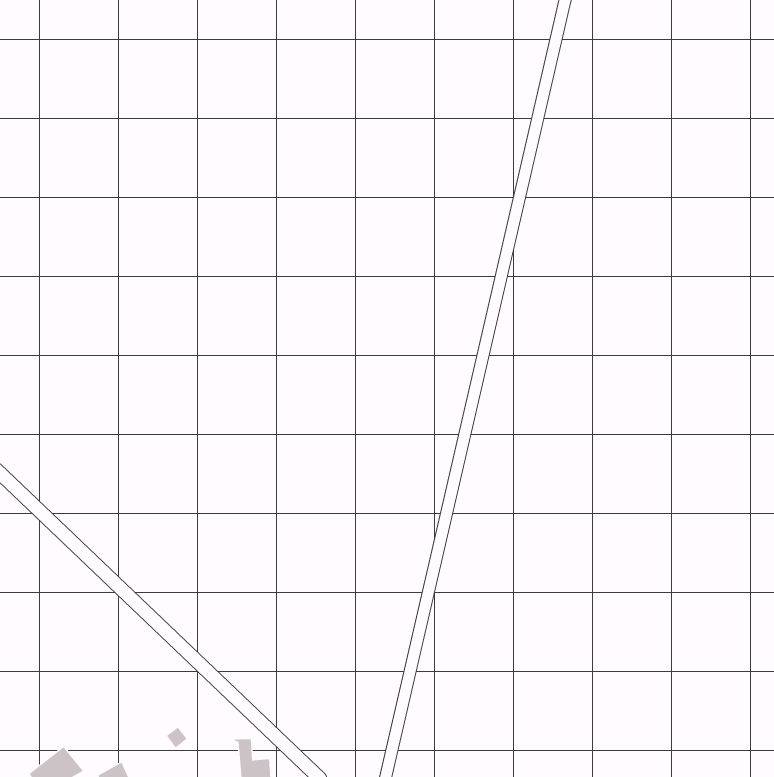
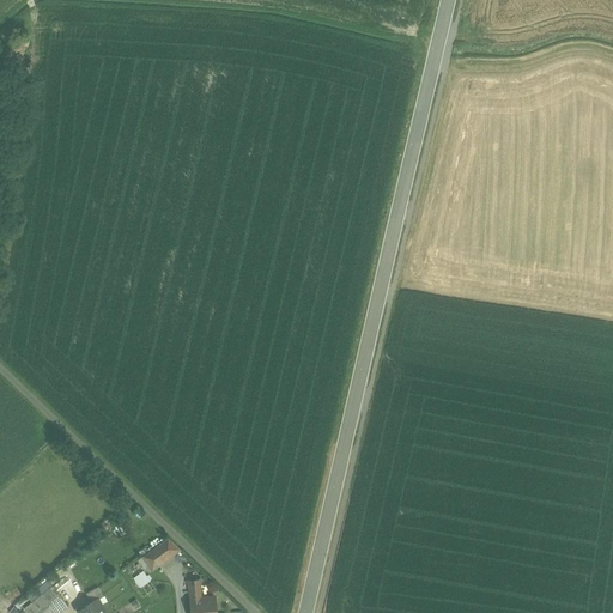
building: none -> [140,539,178,571]

